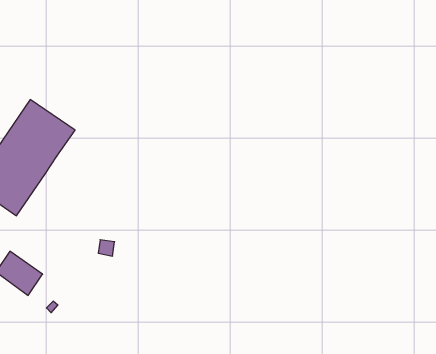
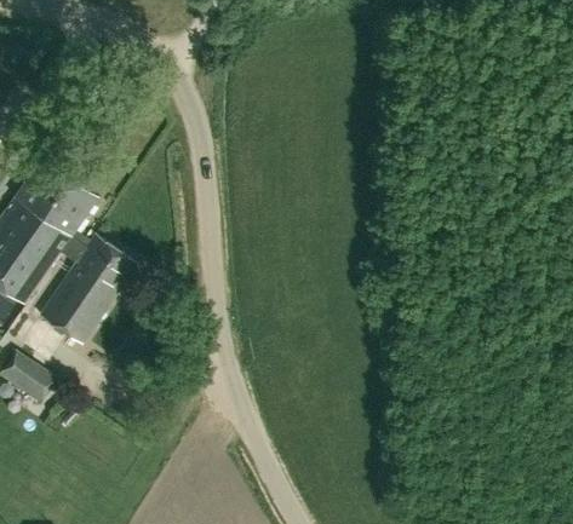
building: none -> [39,230,137,345]

